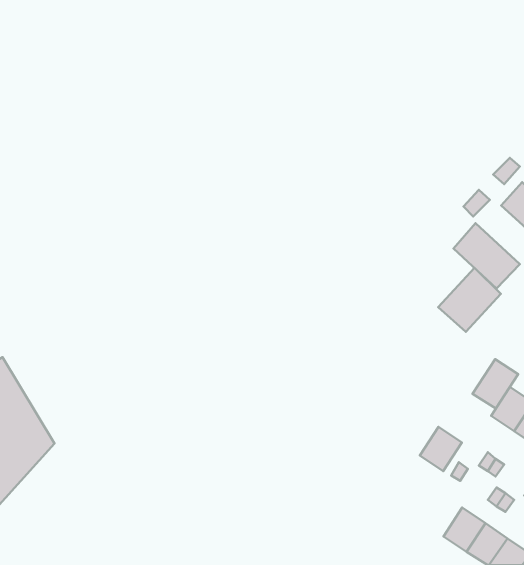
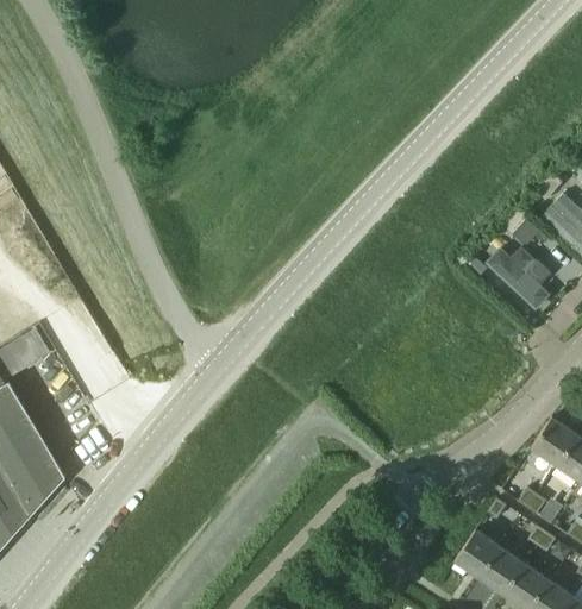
building: [438,268,501,332] -> none
building: [473,359,518,409] -> none
building: [420,427,462,471] -> [455,529,500,577]

